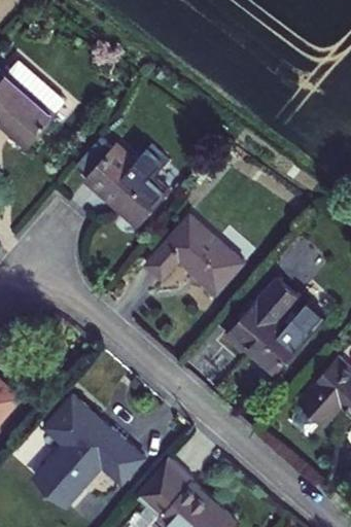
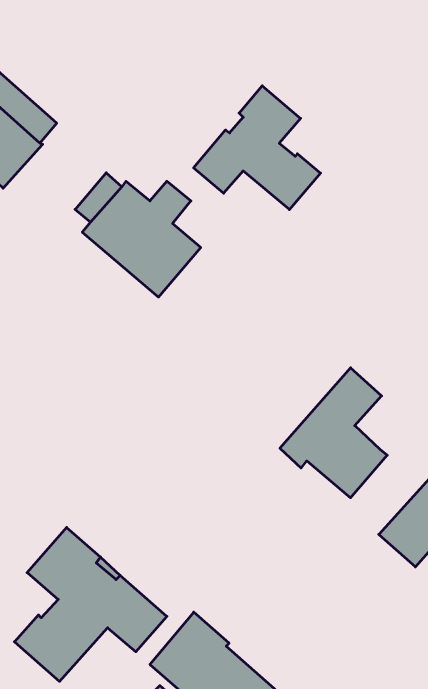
building: none -> [194,86,321,210]
building: [147,216,245,293] -> none
building: [282,294,323,339] -> none

